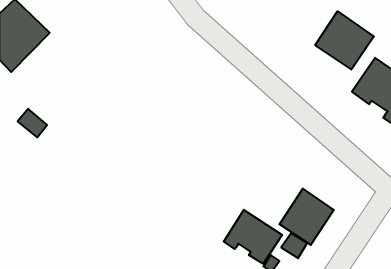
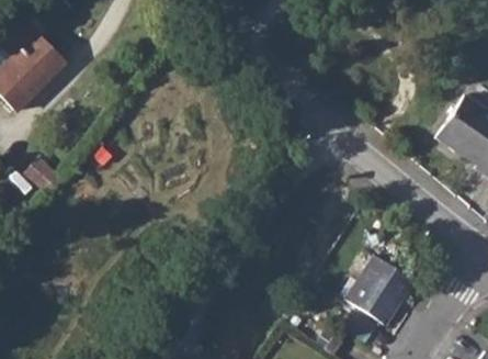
building: [315,11,374,70] -> none
building: [224,210,282,264] -> none

